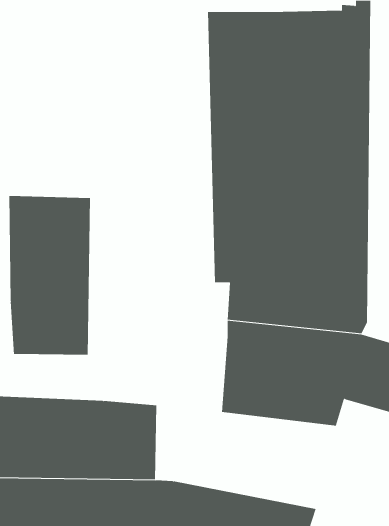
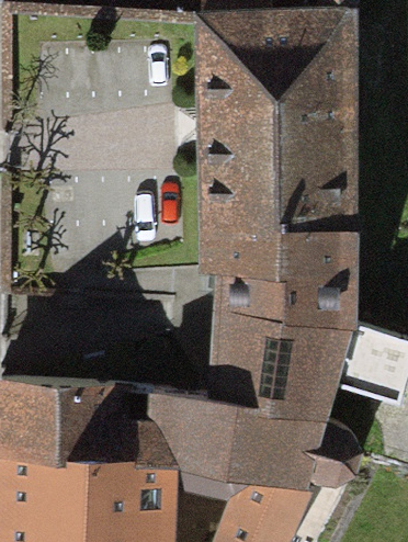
building: [9,195,91,355] -> none
building: none -> [150,386,358,484]

